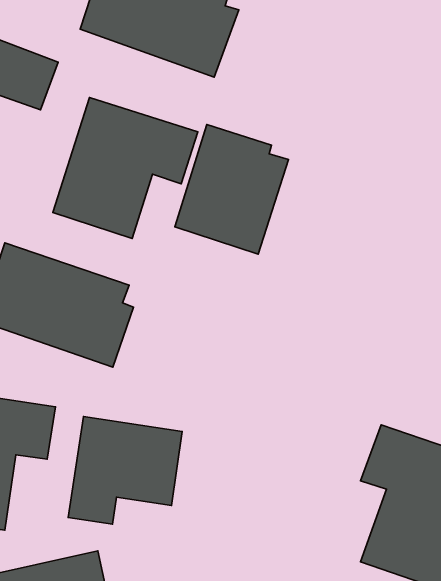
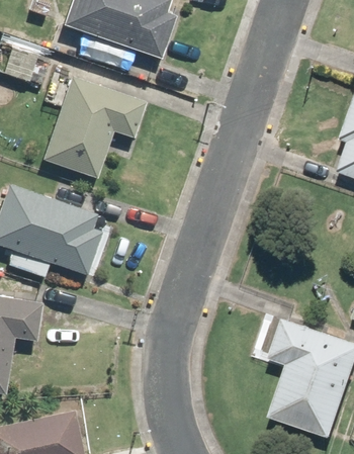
building: [175,124,289,254] -> none
building: [68,417,182,524] -> none

